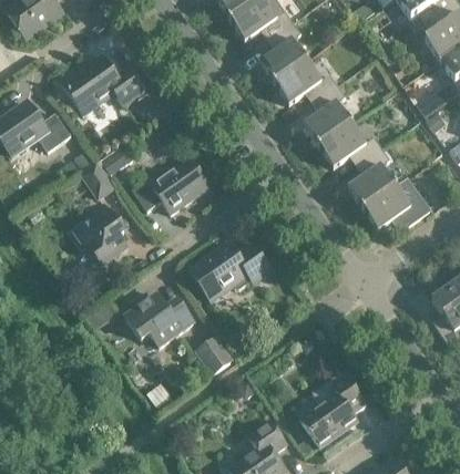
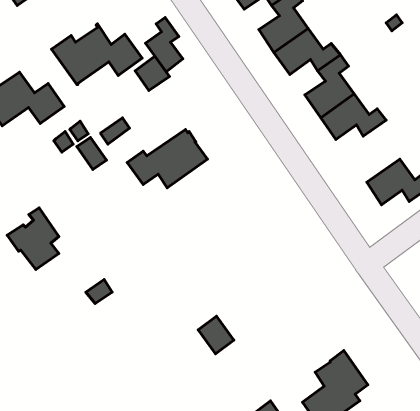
building: none -> [145,17,183,72]
building: [348,148,396,208] -> none
building: [73,203,123,262] -> [7,208,59,270]
building: [190,243,270,300] -> none
building: [125,293,194,346] -> none

